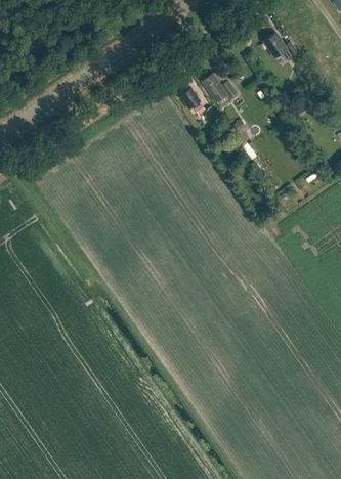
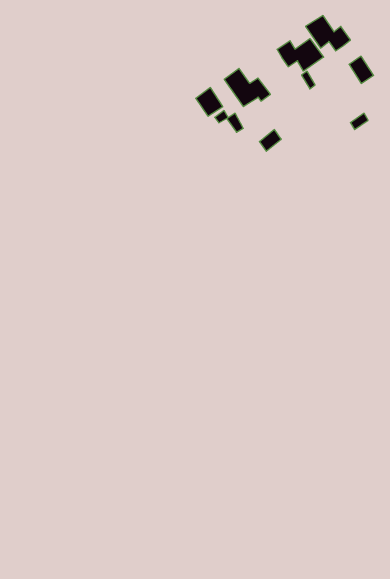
building: none -> [277,39,324,71]

